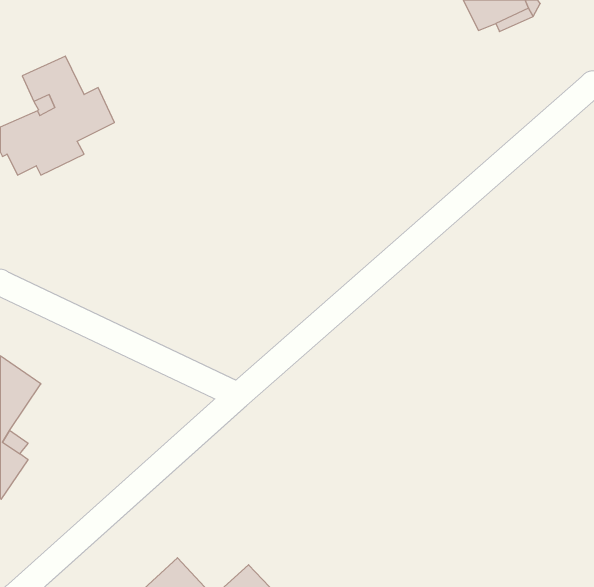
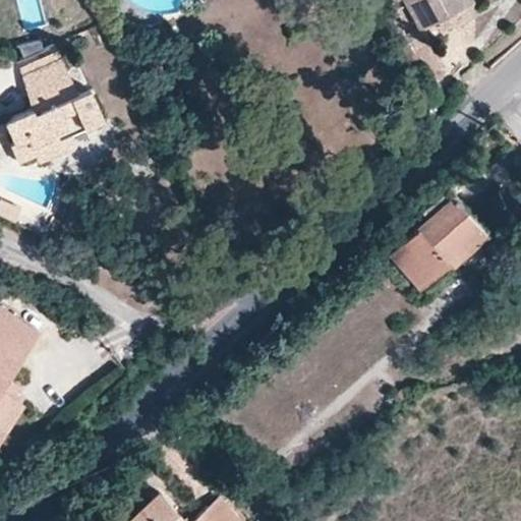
building: none -> [389,200,485,289]

